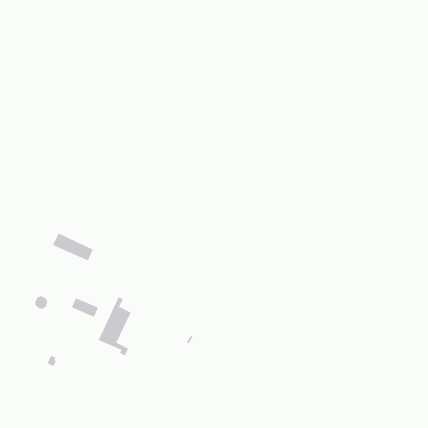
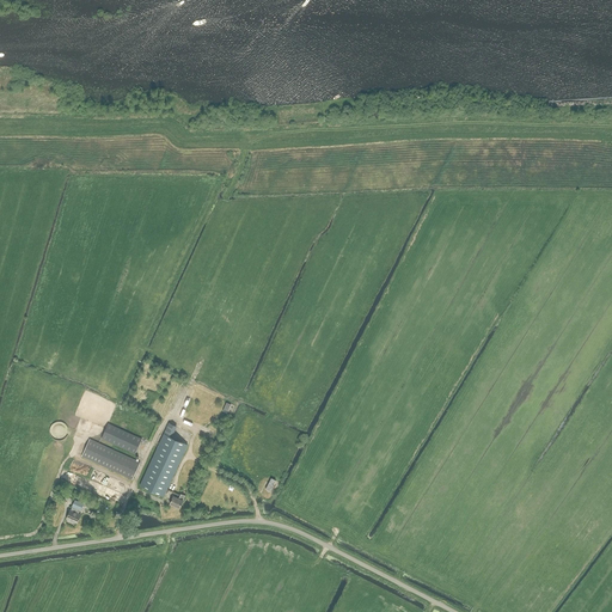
building: [52,233,93,261] -> [81,439,140,479]

